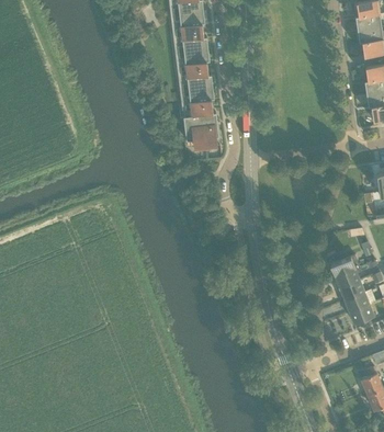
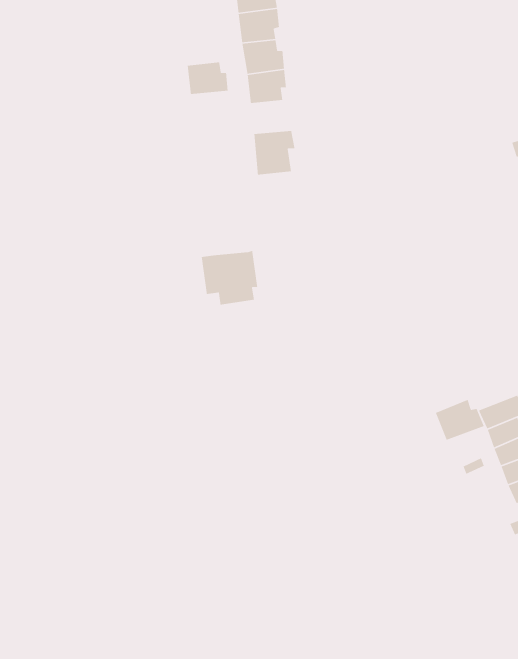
building: [185,69,212,90] -> [187,62,229,95]
building: [182,113,218,148] -> [201,250,258,305]
building: none -> [435,399,485,441]

